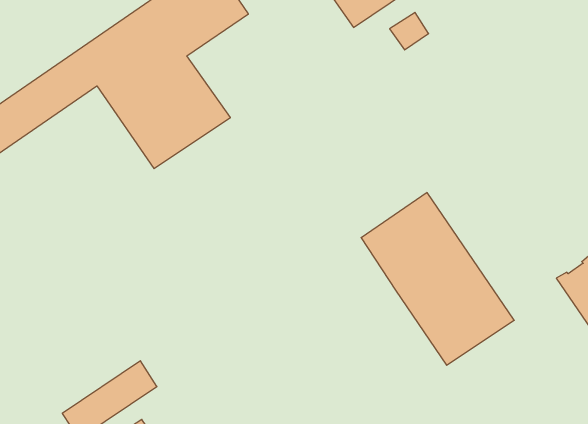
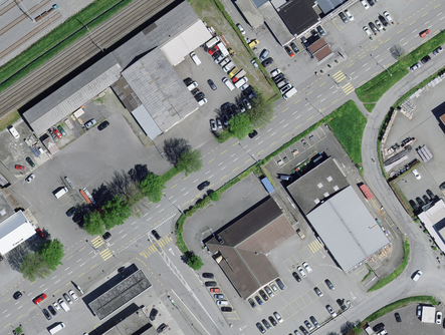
building: none -> [205,196,297,300]

